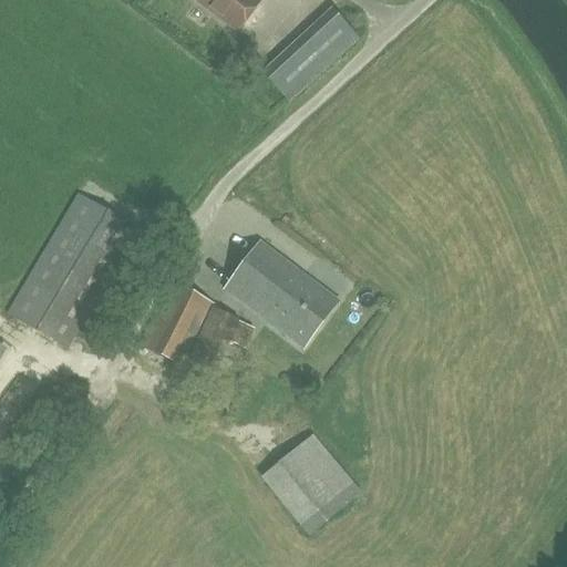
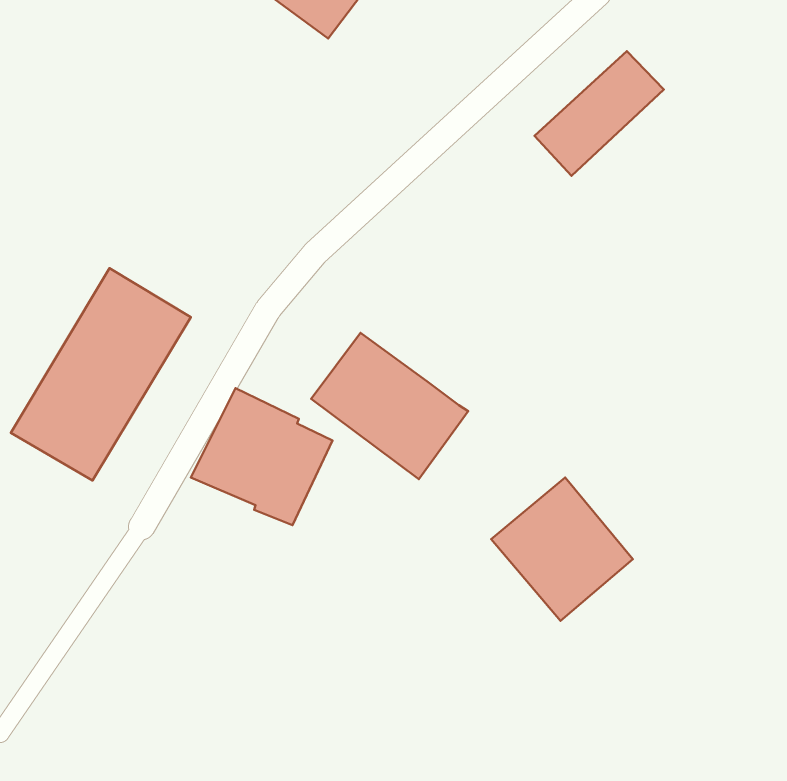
building: [264,8,357,97] -> [534,51,664,176]
building: [259,432,361,535] -> [491,478,633,621]

